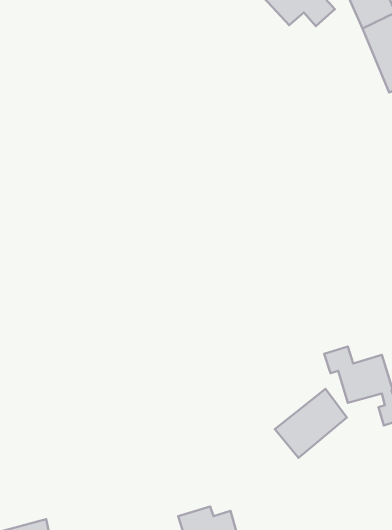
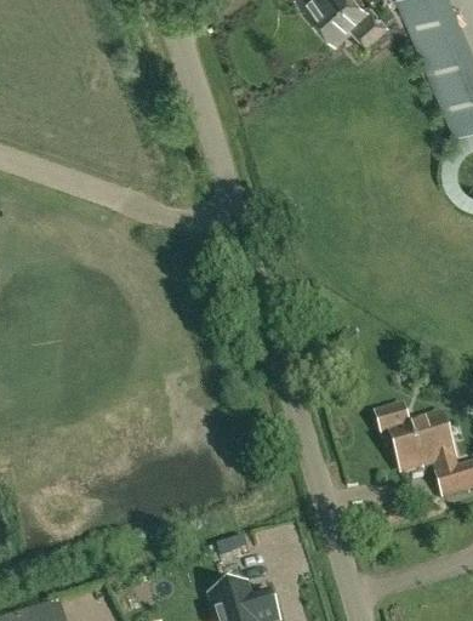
building: [275,389,347,458] -> none

